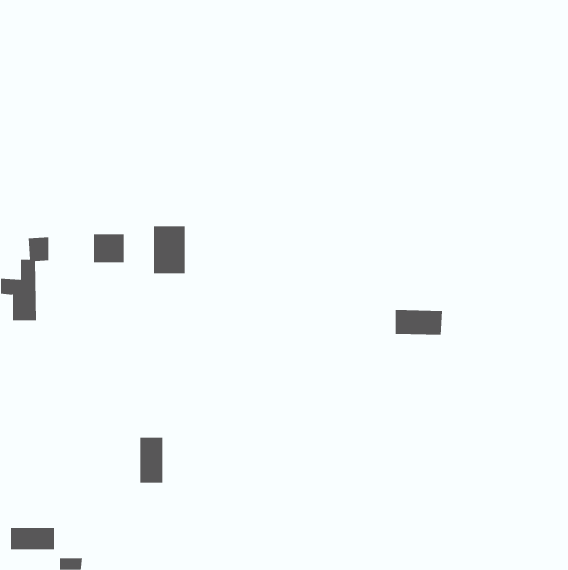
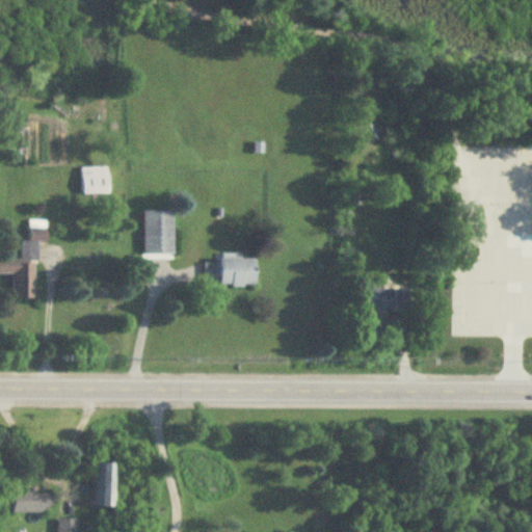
building: [93,234,124,263] -> [81,167,110,194]
building: none -> [206,259,259,286]
building: [140,437,163,483] -> [96,463,117,506]

